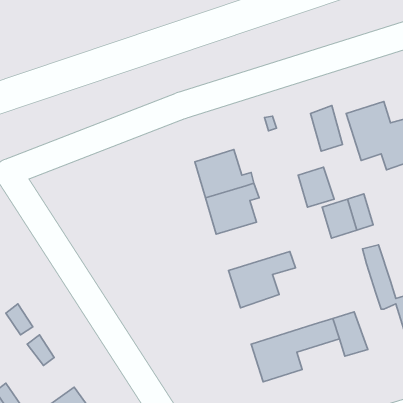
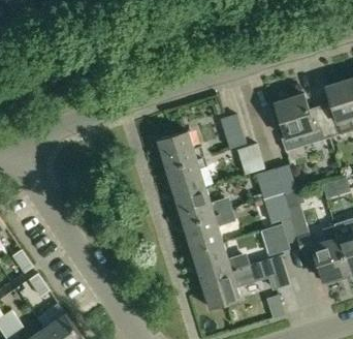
building: [310,106,343,151] -> [220,114,245,149]
building: none -> [173,186,230,223]
building: none -> [262,192,289,223]
building: none -> [261,224,289,255]
building: none -> [192,242,249,280]

